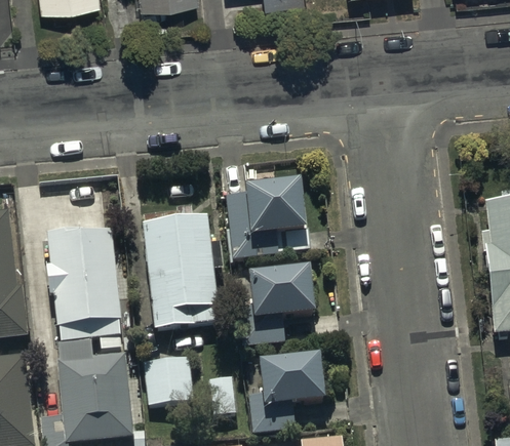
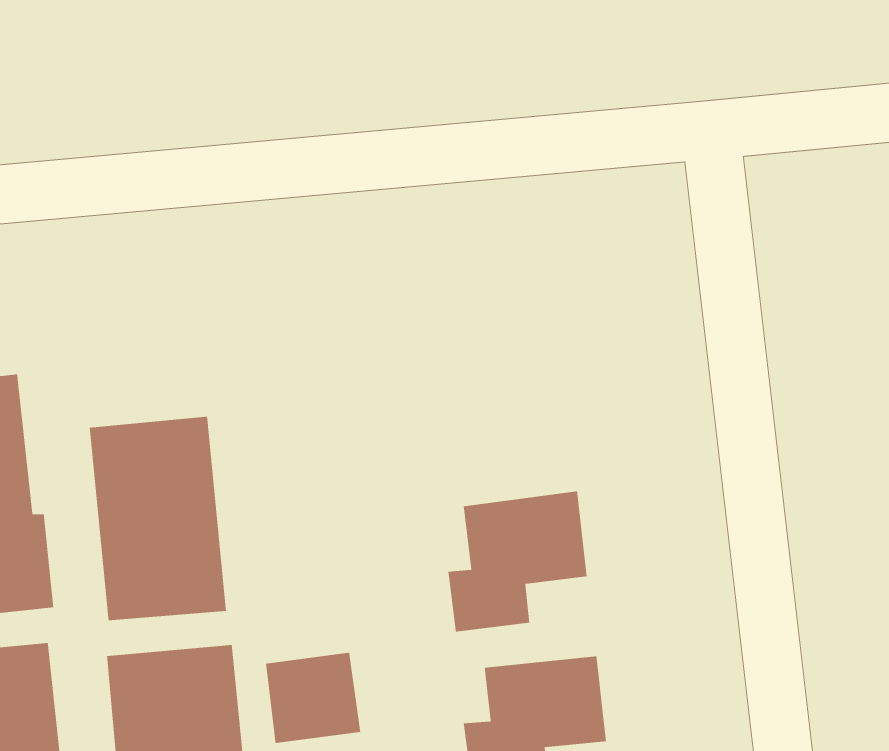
building: [225,184,306,258] -> none
building: [142,216,220,331] -> none

